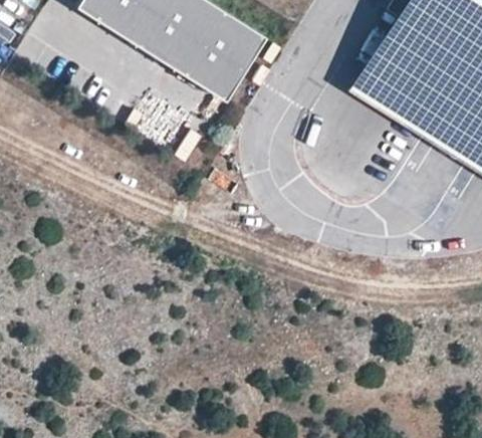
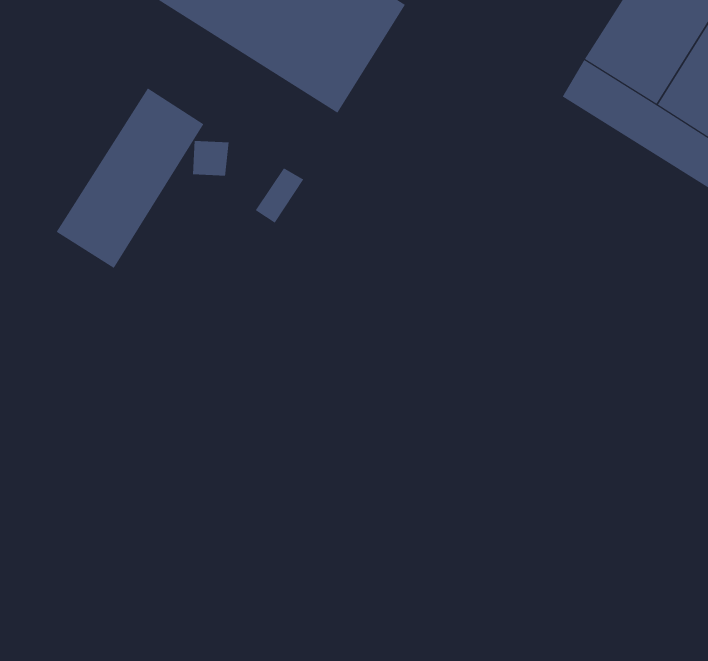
building: none -> [56,88,204,269]

